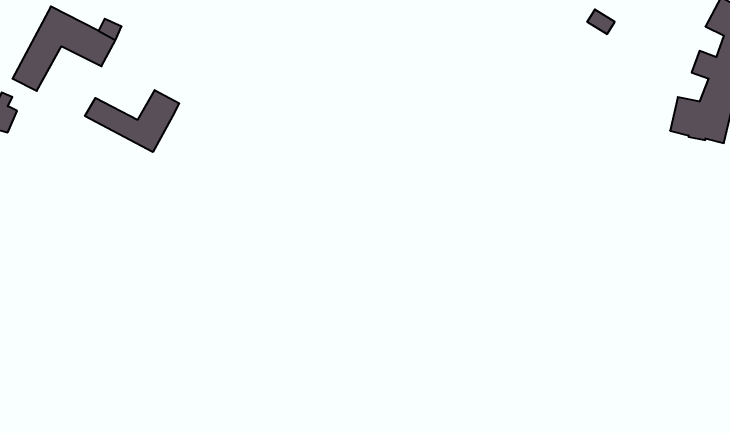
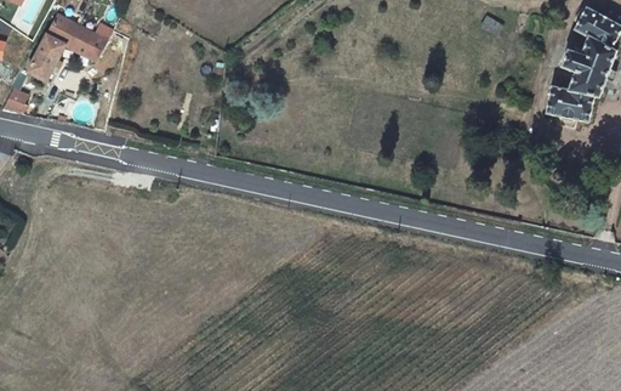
building: [85,90,179,152] -> none

